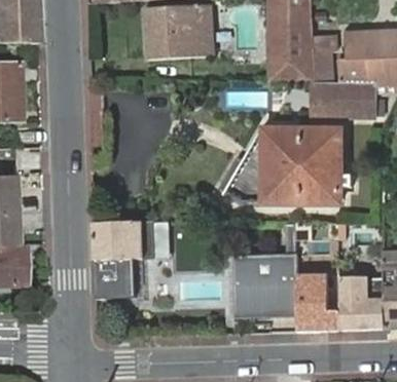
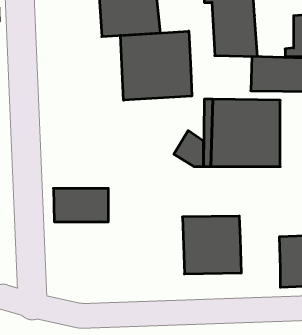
building: [314,33,339,79] -> none
building: none -> [121,31,192,100]
building: [97,258,146,296] -> none
building: [298,275,341,330] -> none

